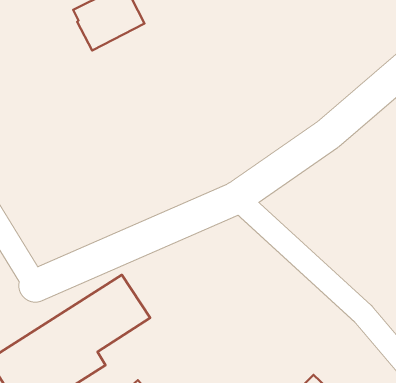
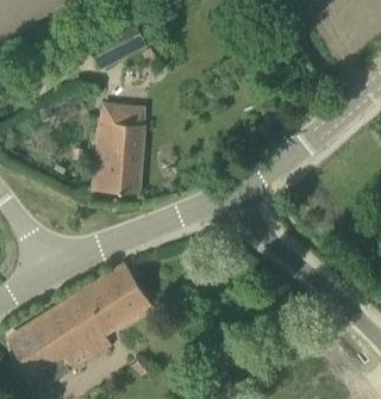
building: none -> [93,104,144,194]

